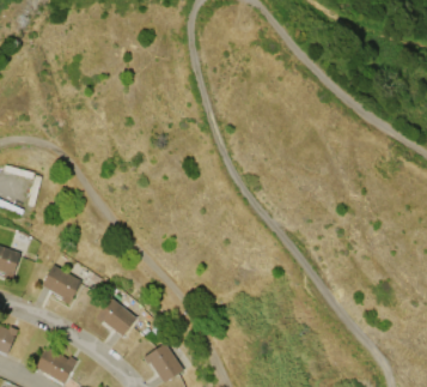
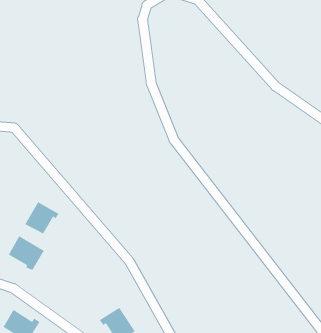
building: none -> [24,201,59,235]
building: [93,297,136,335] -> none

